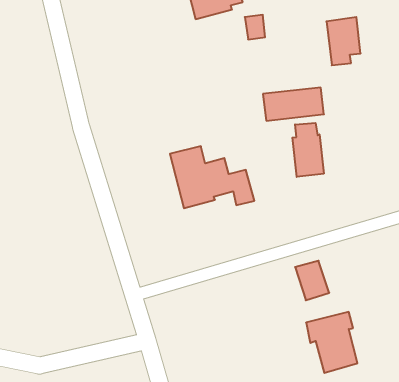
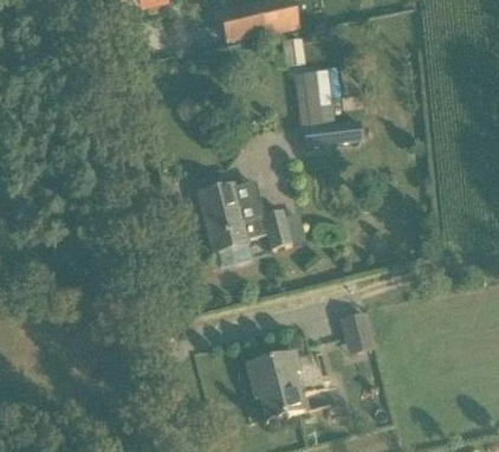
building: [326,17,361,65] -> [296,65,333,118]
building: [292,123,324,177] -> none
building: [306,312,357,373] -> [248,351,305,419]

